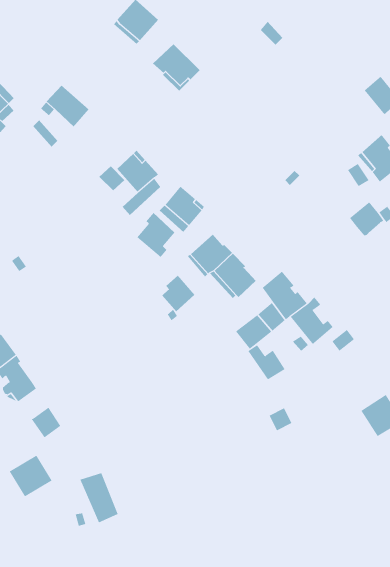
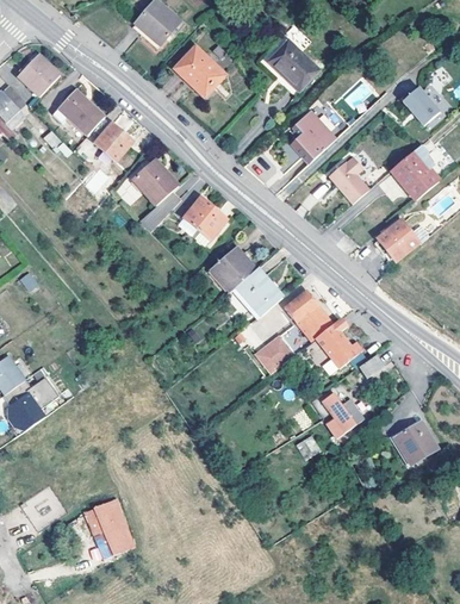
building: none -> [267,41,319,92]
building: none -> [15,55,58,98]
building: none -> [290,117,334,166]
building: none -> [94,124,132,162]
building: none -> [328,150,368,197]
building: [137,212,175,258] -> none
building: [161,275,195,312] -> none
building: [247,344,285,380] -> [327,392,367,430]
building: [31,407,61,438] -> [29,373,61,406]

